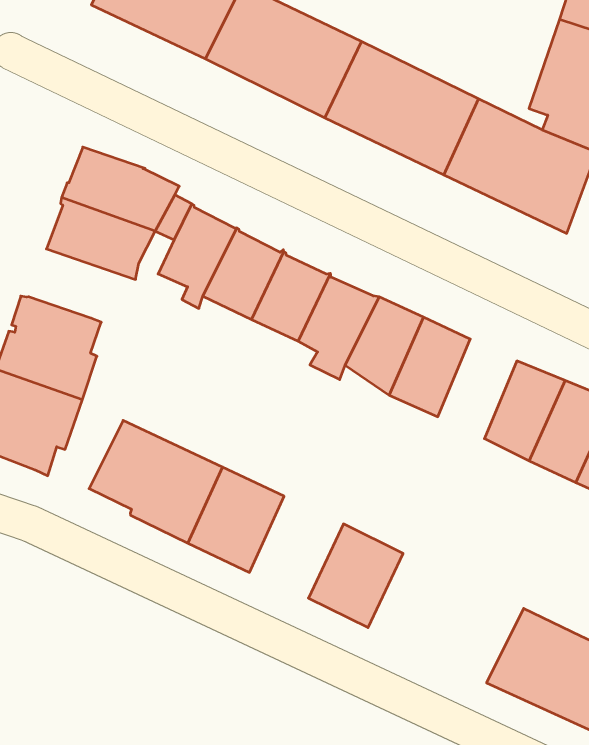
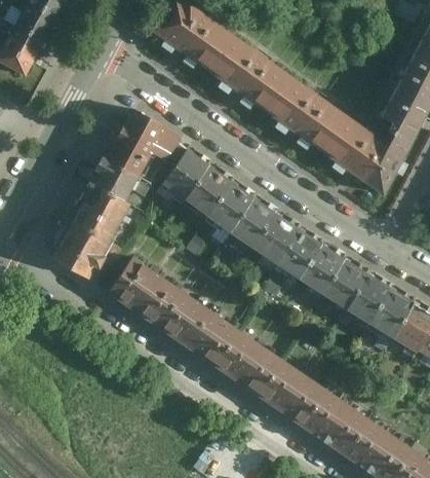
building: none -> [94,156,152,199]
building: none -> [299,243,345,296]
building: none -> [187,309,240,365]
building: none -> [244,350,327,425]

